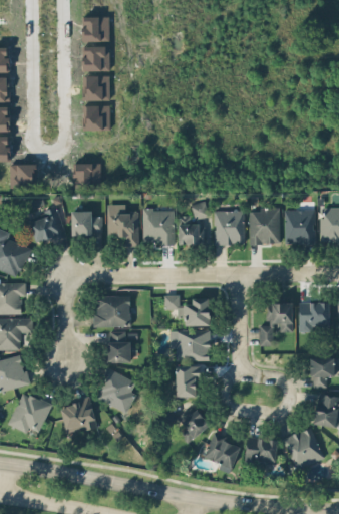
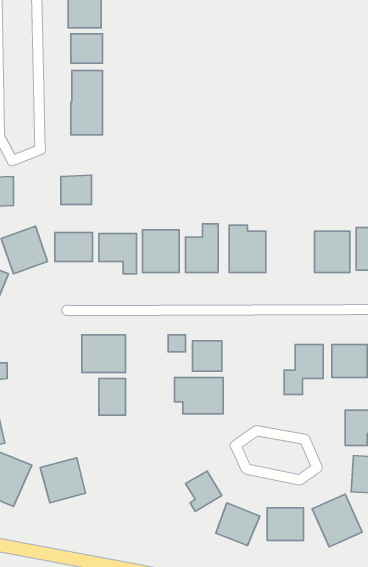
building: [250,208,280,244] -> none
building: [176,365,199,397] -> none
building: [93,366,136,413] -> none

